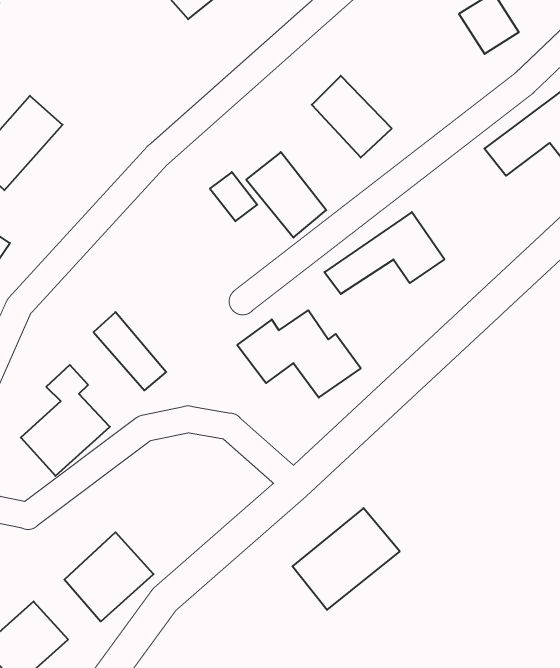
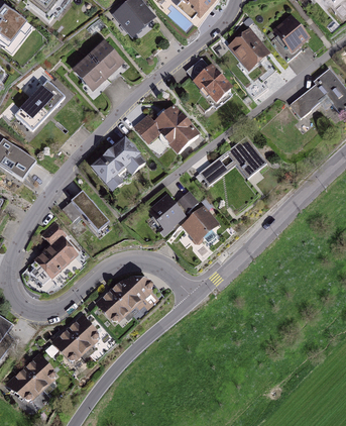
building: none -> [228,28,272,74]
building: none -> [65,37,116,88]
building: none -> [99,139,148,188]
building: [292,508,400,610] -> [98,273,157,329]

